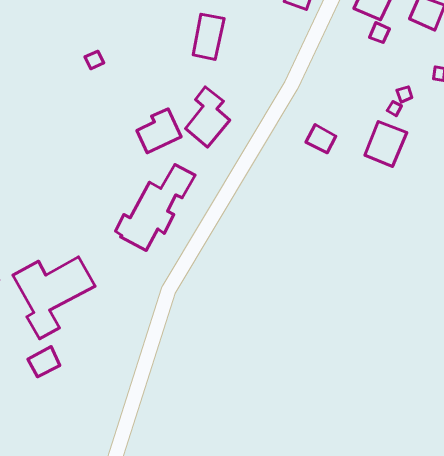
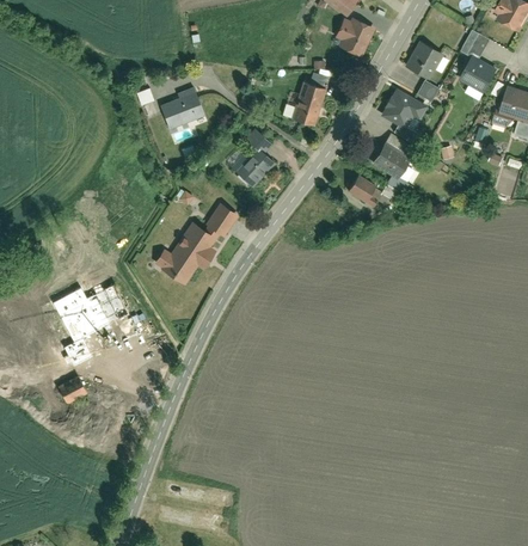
building: [193,14,224,59] -> [290,84,324,129]
building: none -> [382,88,429,133]
building: [137,109,181,153] -> [159,90,202,131]
building: [365,121,407,166] -> [373,133,416,178]

